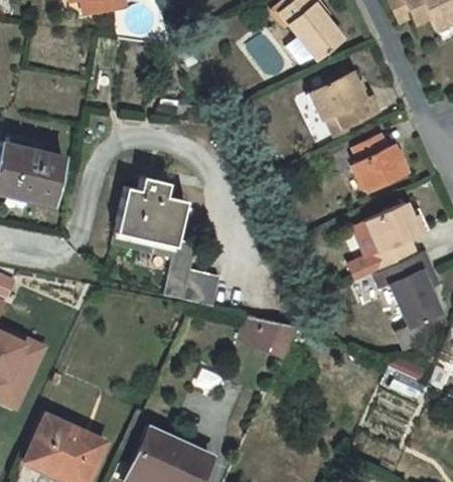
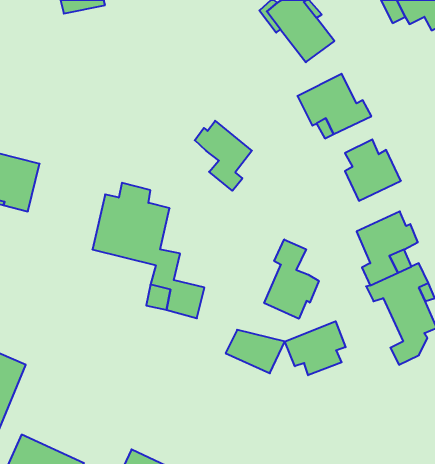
building: none -> [195,121,252,191]
building: none -> [264,239,319,319]
building: none -> [285,321,346,375]

